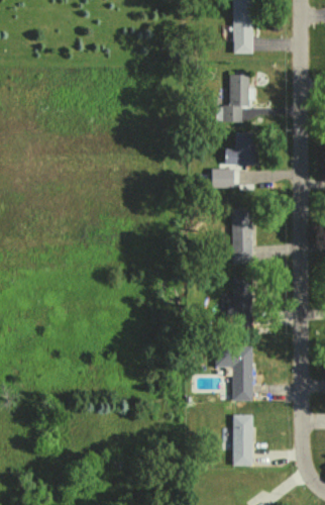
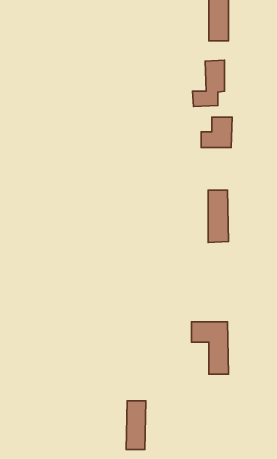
building: [212,169,234,188] -> none
building: [227,278,253,327] -> none
building: [233,415,253,466] -> [126,401,146,449]

